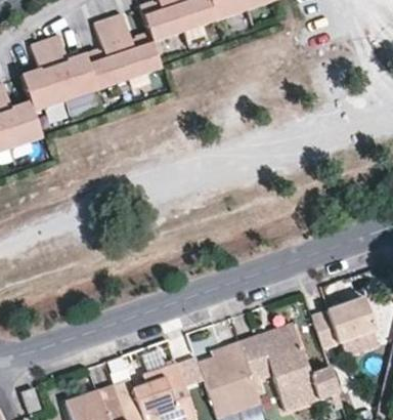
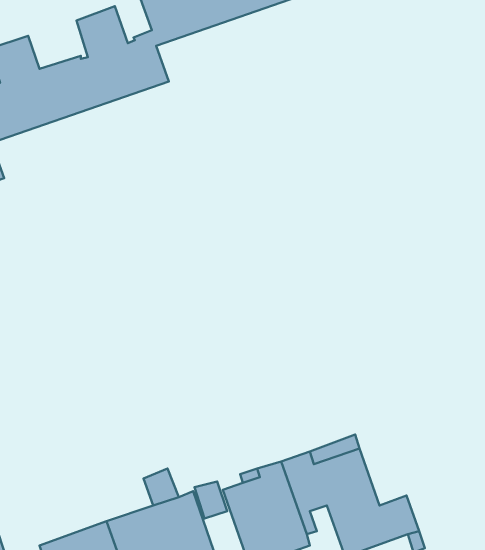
building: [313,297,377,346] -> none

